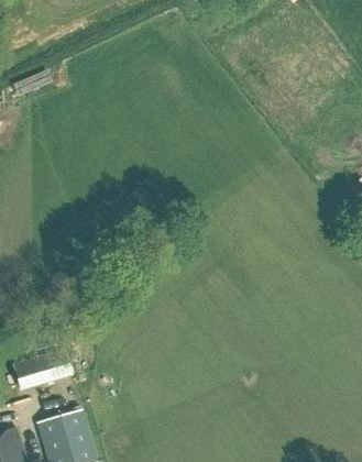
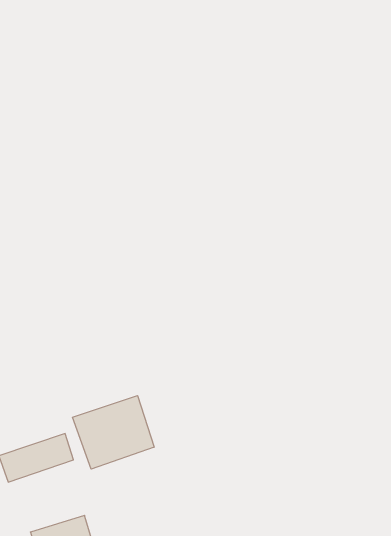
building: none -> [73,396,154,469]

